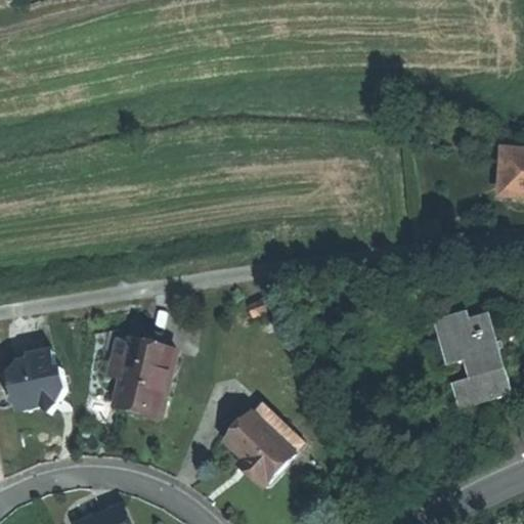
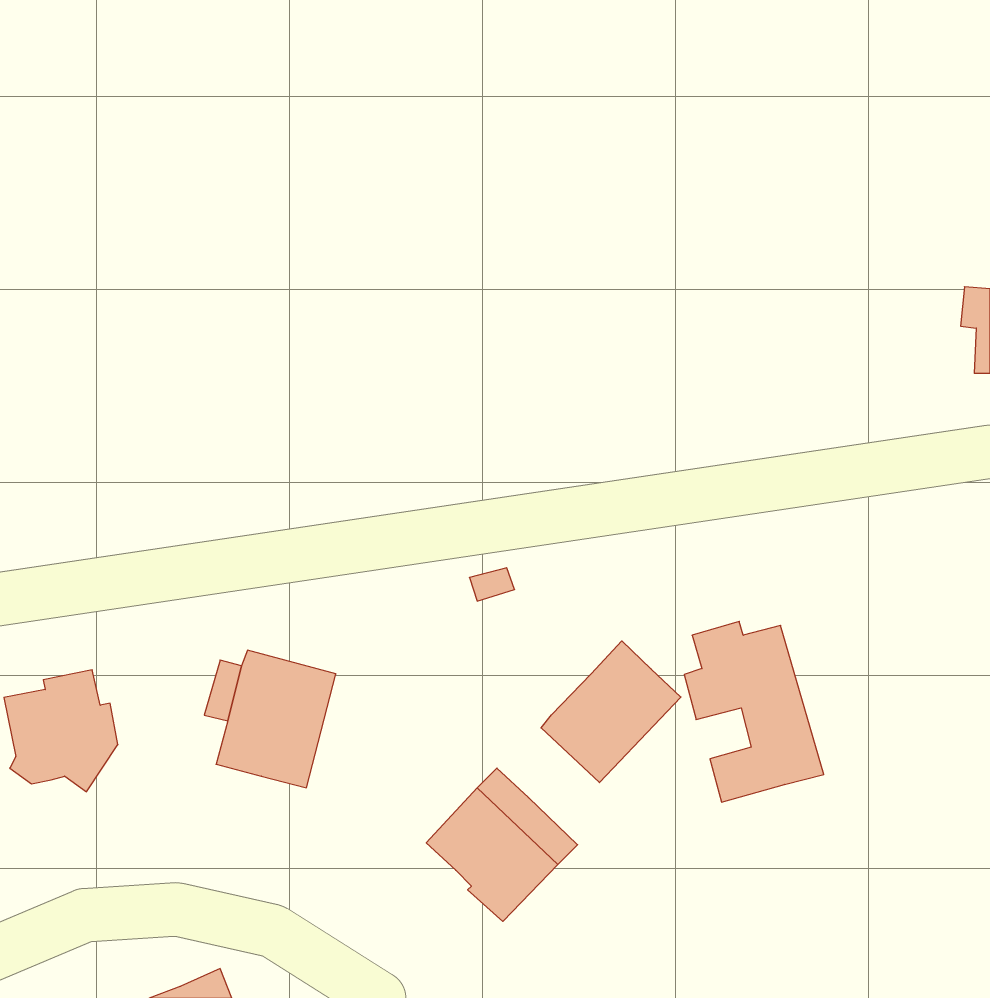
building: [438,312,511,406] -> [684,621,824,802]
building: none -> [541,641,681,783]

